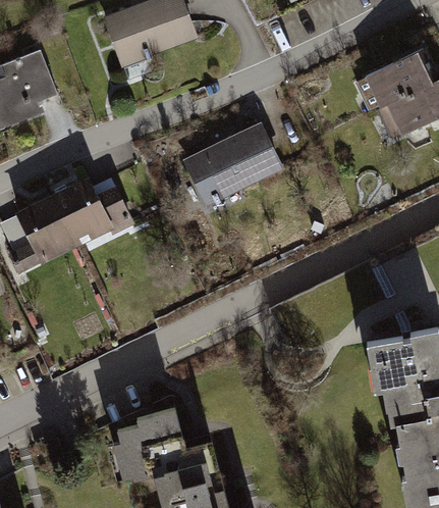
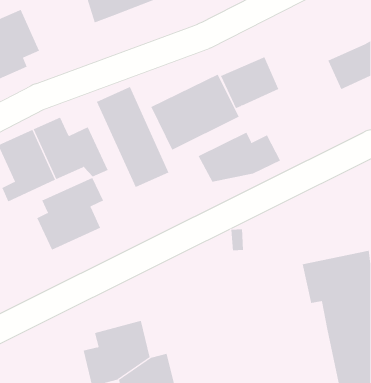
building: [364,52,431,112] -> [220,56,279,109]
building: none -> [96,86,169,188]
building: none -> [198,132,281,183]
building: none -> [37,177,104,251]

